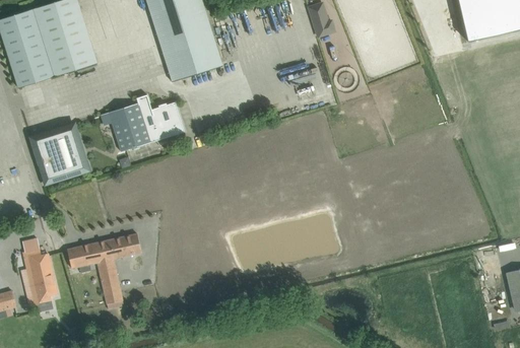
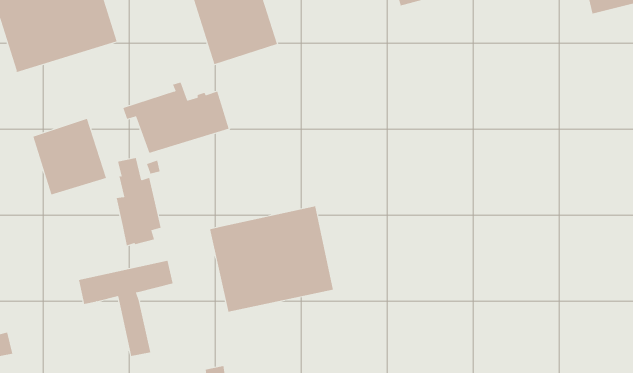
building: none -> [209,205,333,313]
building: [21,238,57,307] -> [116,158,161,246]

